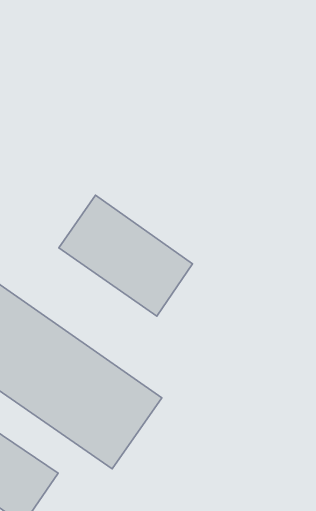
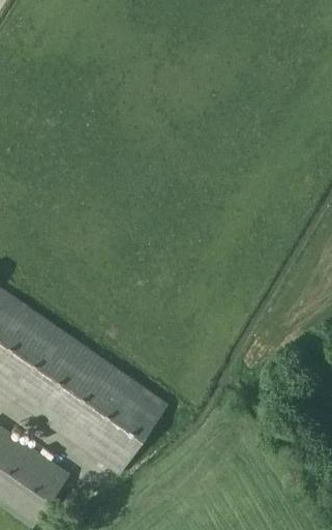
building: [59,195,192,316] -> none

